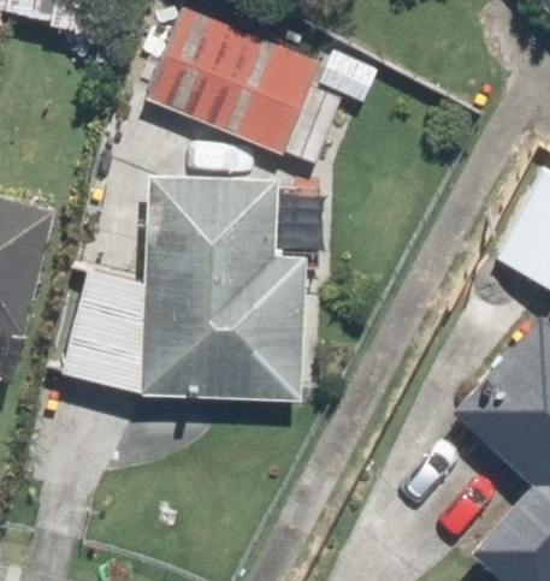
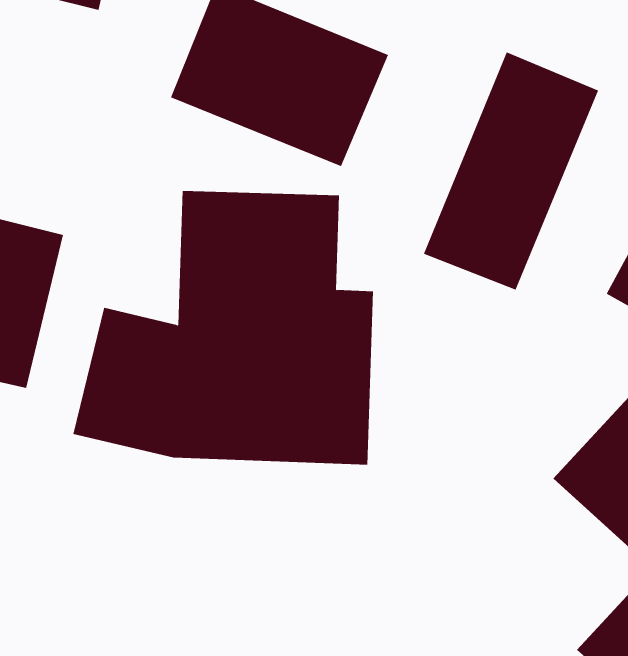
building: none -> [423,51,599,291]

